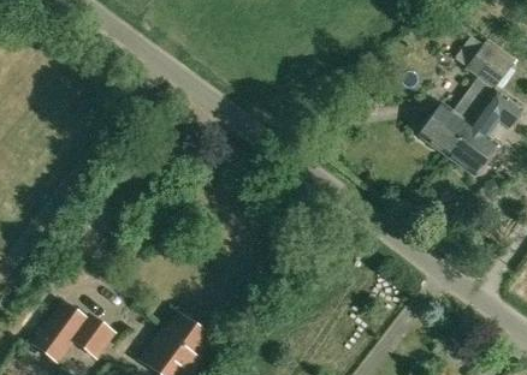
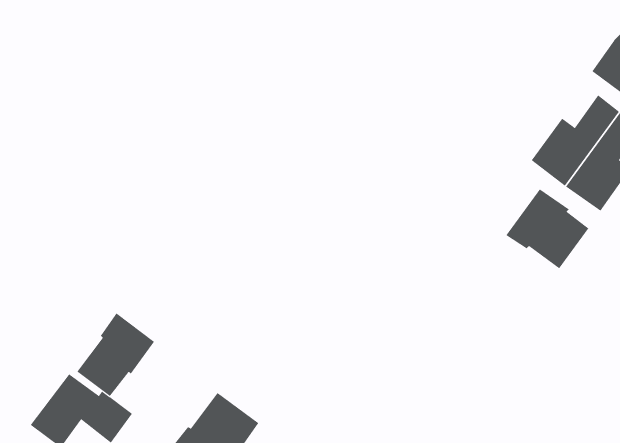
building: none -> [505,188,589,269]
building: none -> [77,313,155,397]

